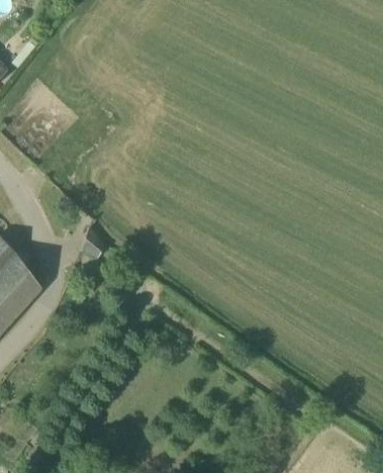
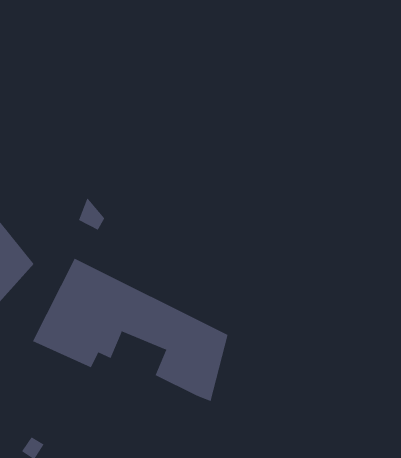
building: none -> [32,258,228,402]

